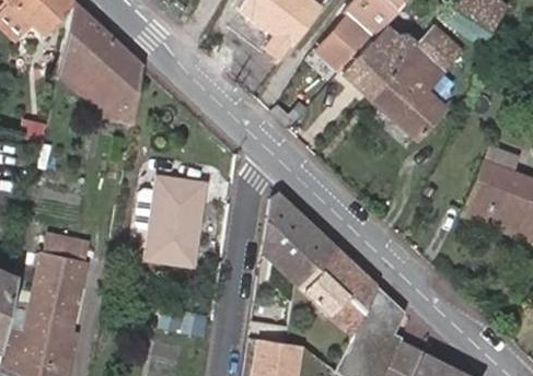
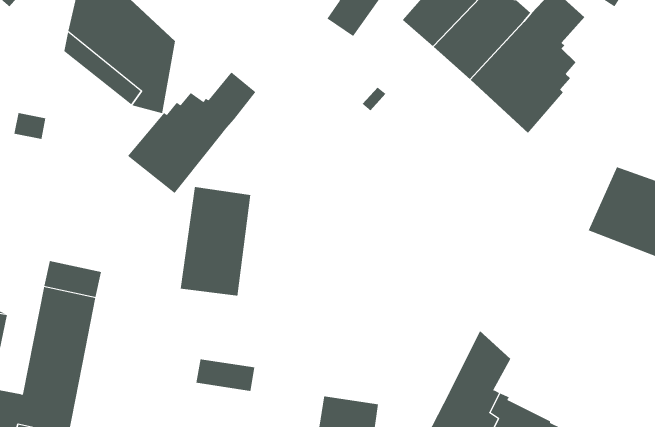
building: none -> [127,72,256,194]
building: [262,192,379,336] -> none

